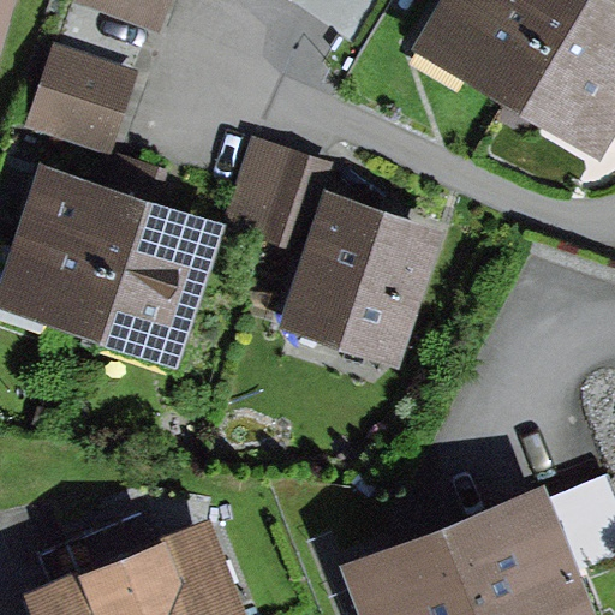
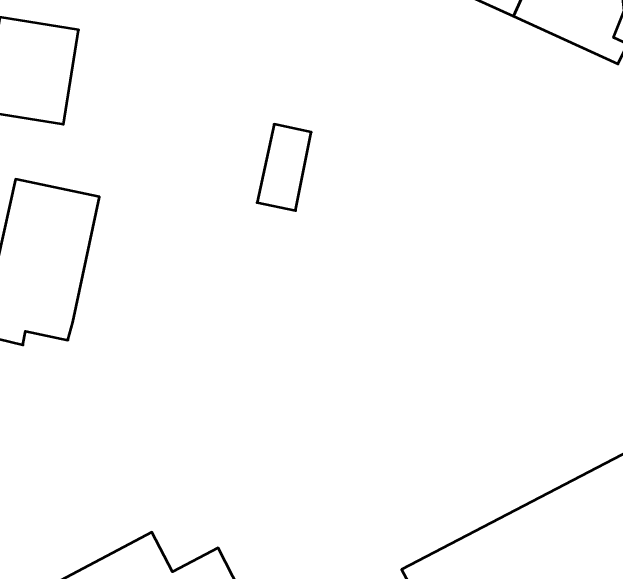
building: [90,207,201,340] -> none
building: [300,207,422,344] -> none

